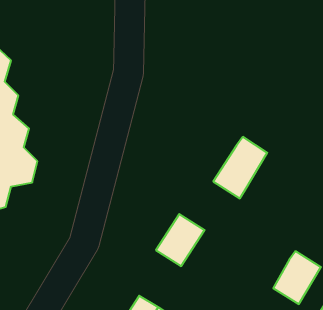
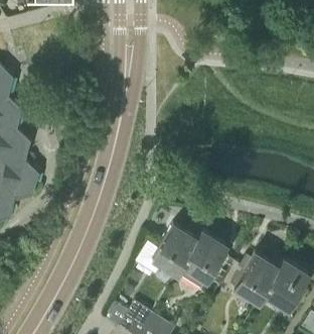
building: [213,137,267,198] -> [175,231,226,290]
building: none -> [233,252,278,303]

